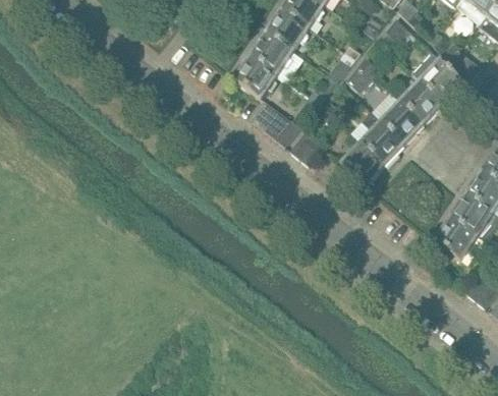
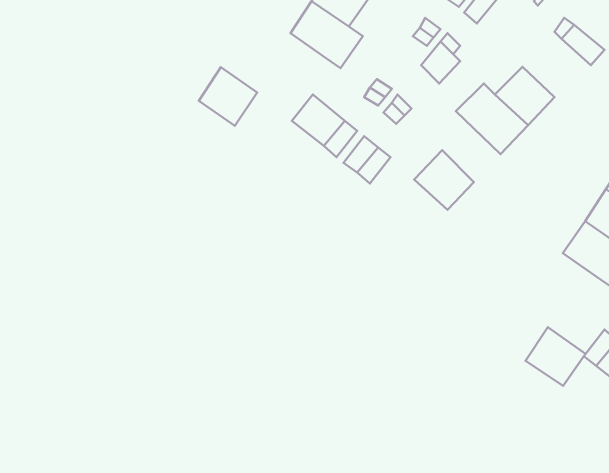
building: [412,49,463,100] -> none
building: [234,53,277,96] -> [199,67,257,126]
building: [362,110,404,162] -> none
building: [434,214,478,257] -> [526,327,585,386]

